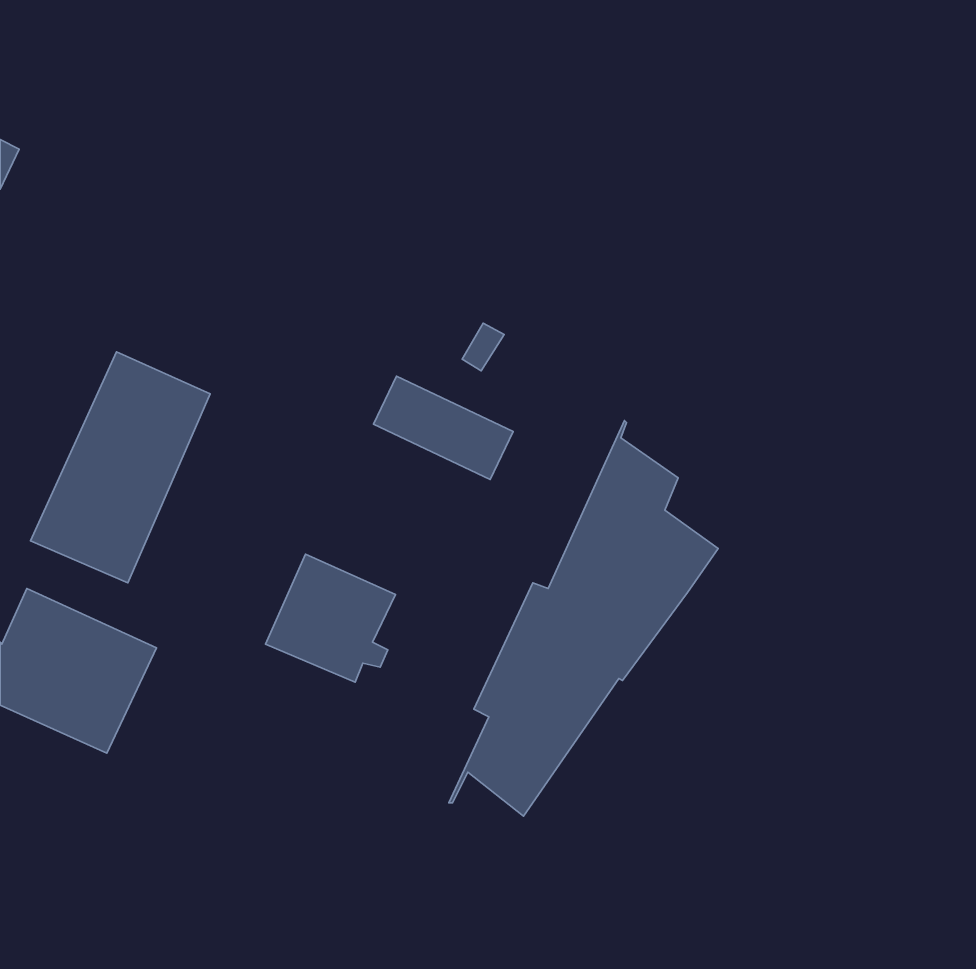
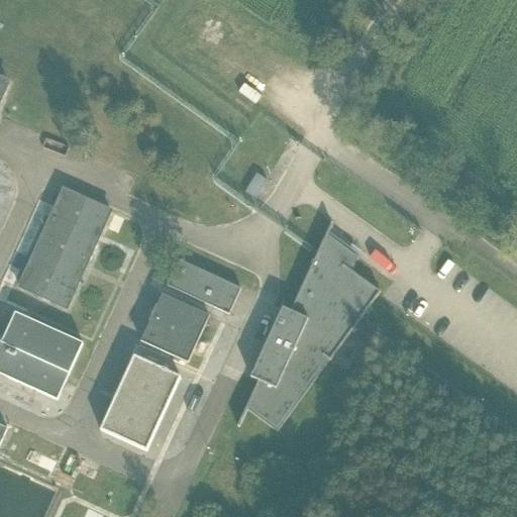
building: [374,376,513,479] -> [167,257,240,312]
building: none -> [101,354,179,447]

